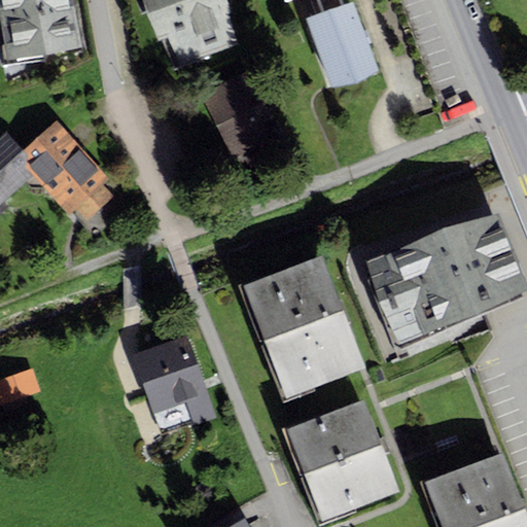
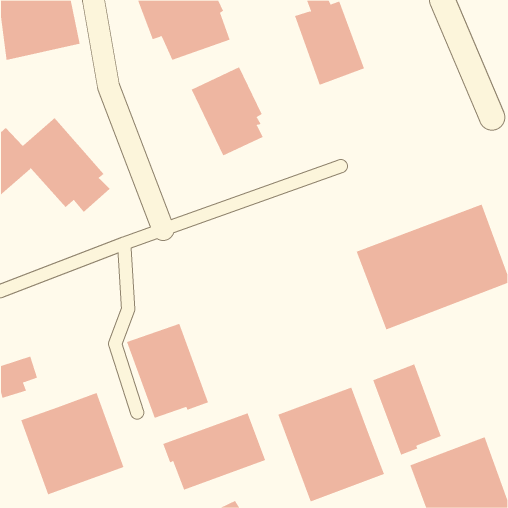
building: [243,255,365,397] -> none
building: none -> [373,364,442,455]
building: none -> [20,392,124,495]
building: none -> [163,413,266,490]

